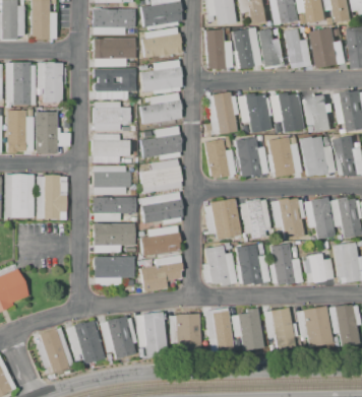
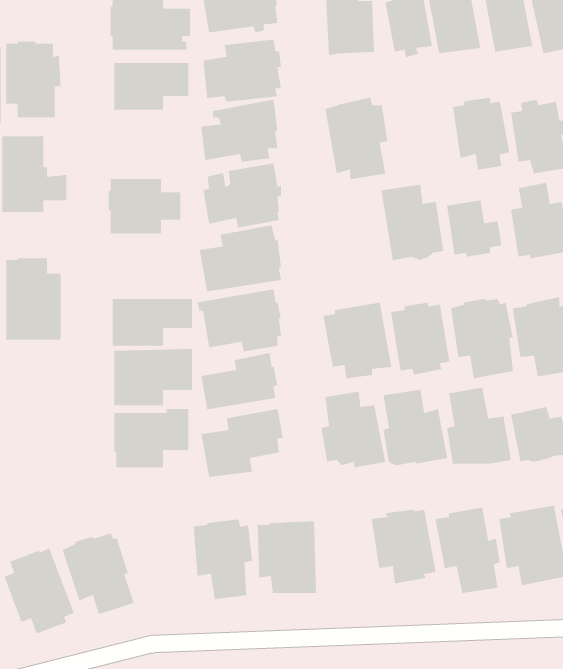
building: [239,92,269,125] -> none
building: [93,103,131,131] -> none
building: [203,139,236,178] -> none
building: [92,167,130,196] -> none
building: [204,309,233,352] -> none
building: [98,317,137,359] -> none

